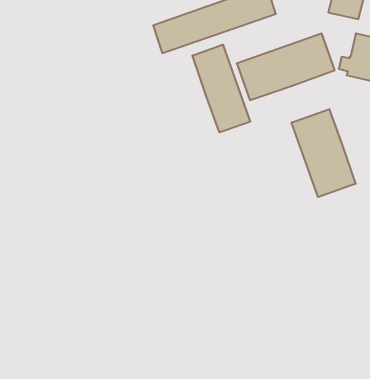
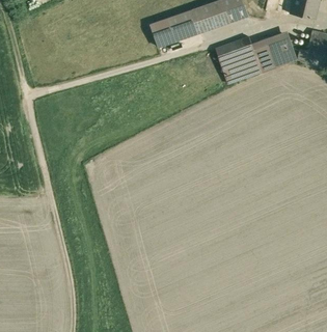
building: [192,45,250,132] -> none
building: [292,109,356,197] -> none

